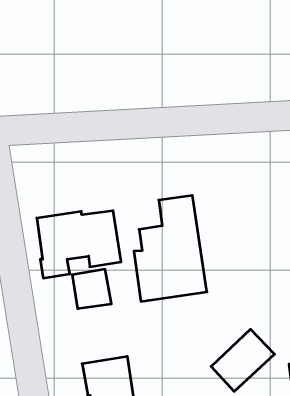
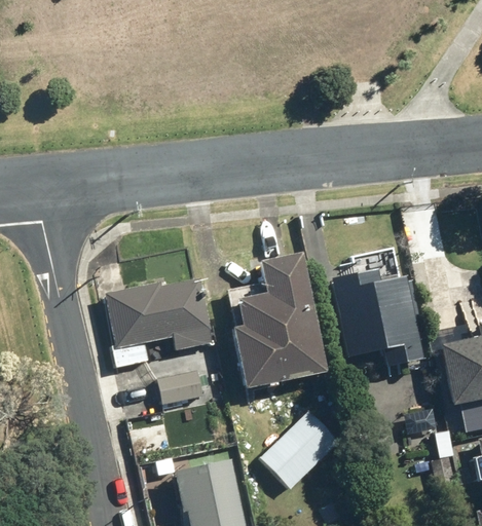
building: none -> [331,270,423,367]
building: [211,329,275,391] -> [261,410,340,489]

